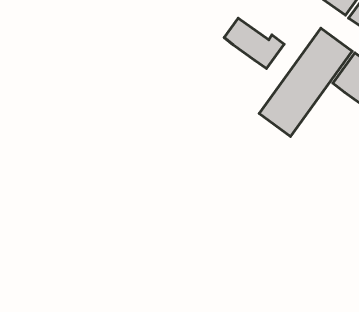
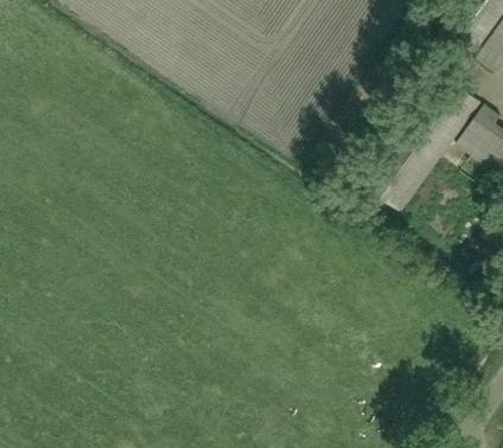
building: [224,18,284,69] -> none

